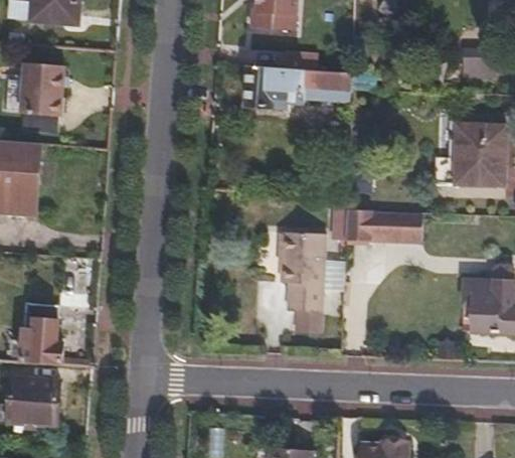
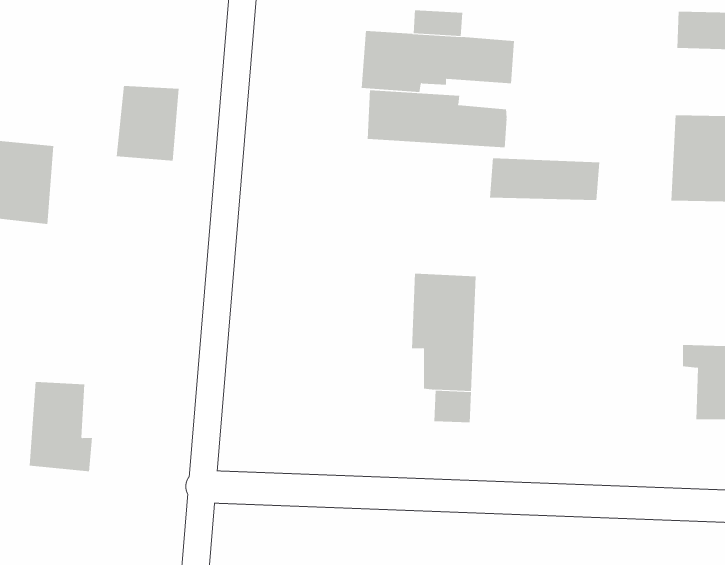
building: [21,65,64,117] -> [116,86,179,161]
building: none -> [367,90,507,148]
building: [344,210,419,240] -> [489,158,600,201]
building: [9,378,58,426] -> none

